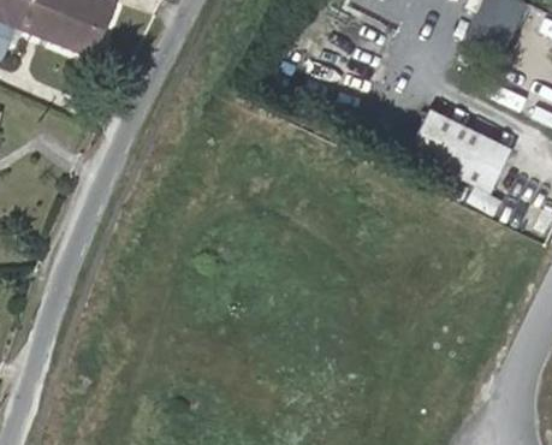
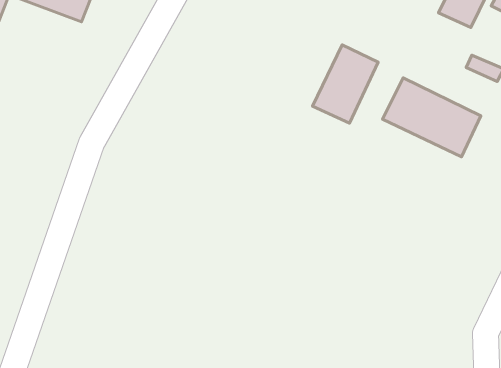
building: none -> [313,45,378,123]

